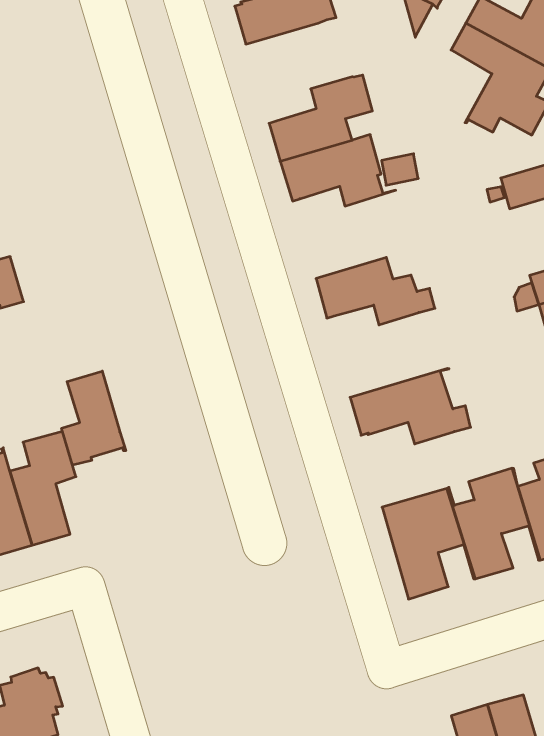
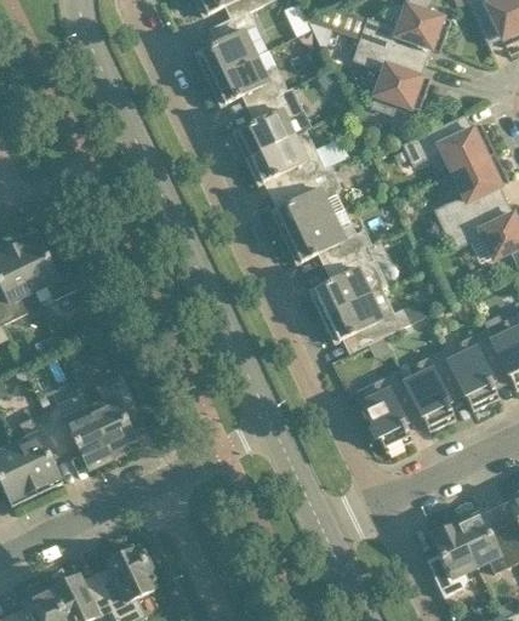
building: none -> [206,50,285,104]
building: none -> [269,165,336,237]
building: none -> [308,249,386,317]
building: [62,371,126,465] -> none

